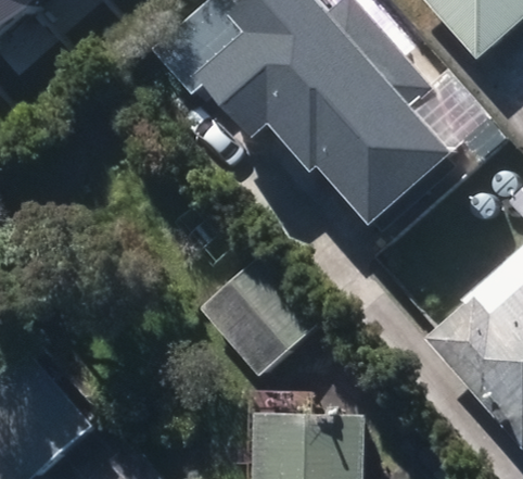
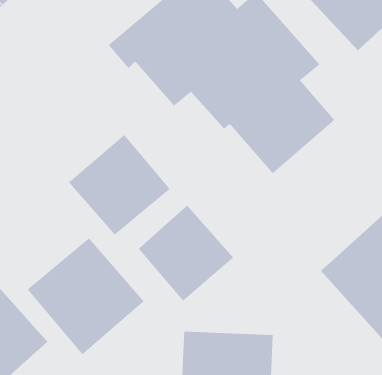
building: none -> [68,134,170,235]
building: none -> [27,238,145,355]

